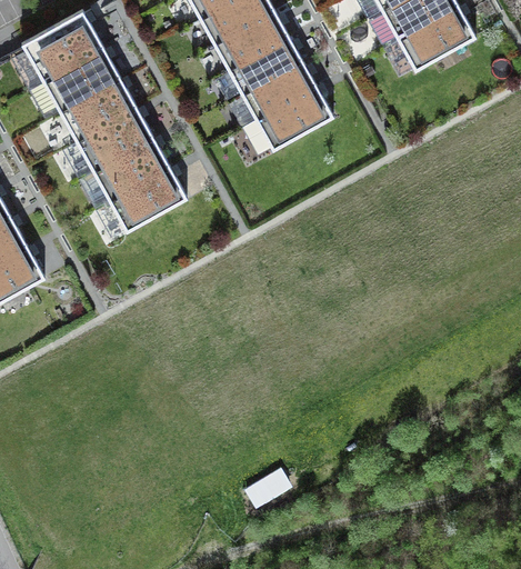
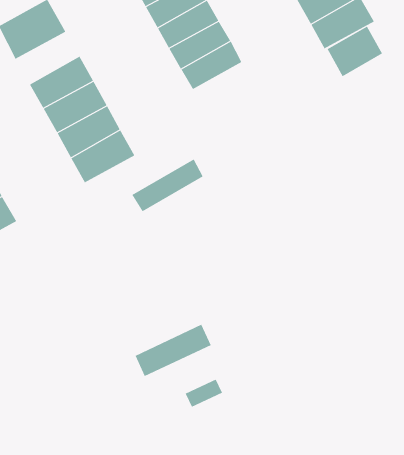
building: none -> [327,26,383,77]
building: [40,48,118,111] -> none
building: [253,84,330,149] -> none
building: none -> [131,159,204,212]
building: none -> [135,324,211,377]

